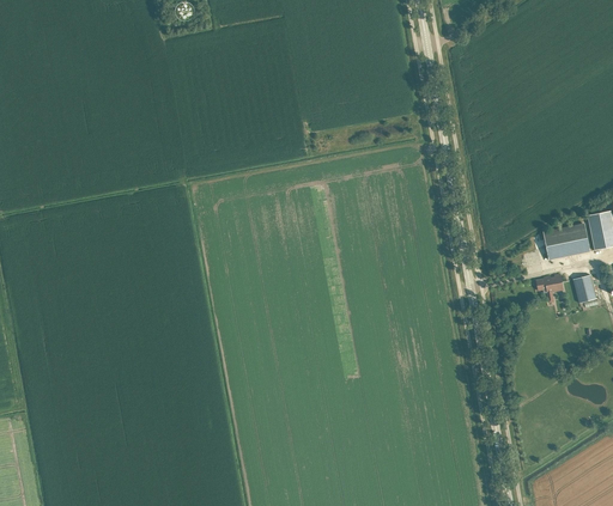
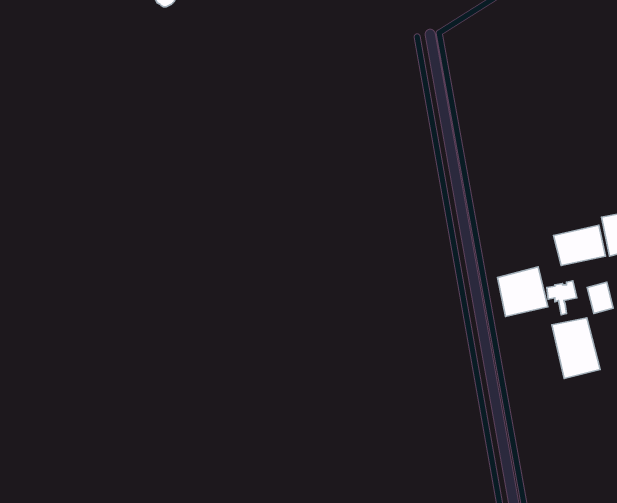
building: none -> [497,267,548,317]
building: none -> [552,318,600,379]

